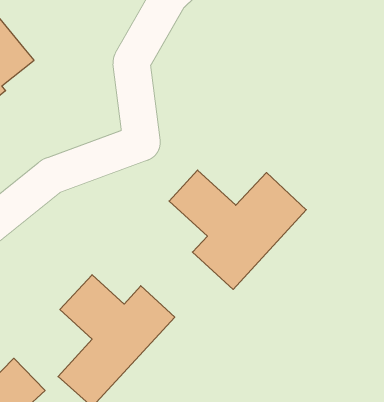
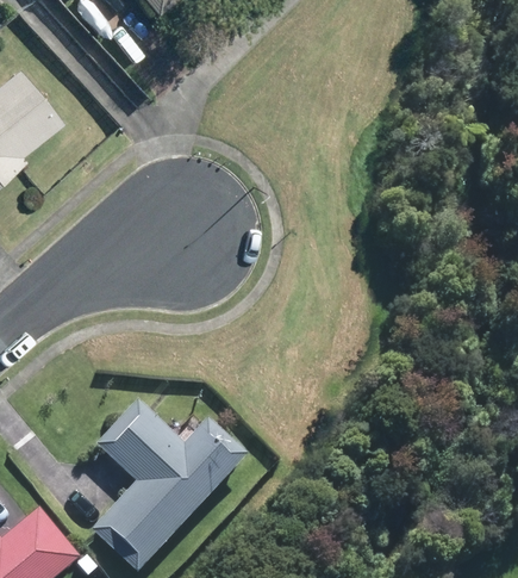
building: [169,170,306,289] -> none

